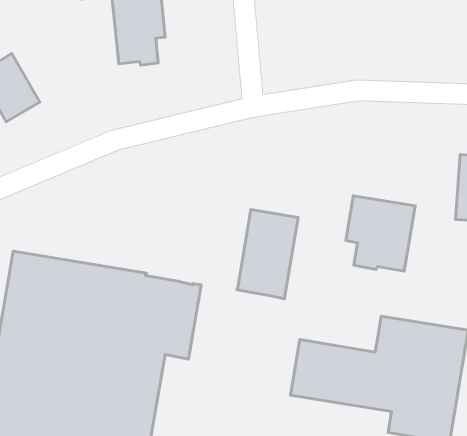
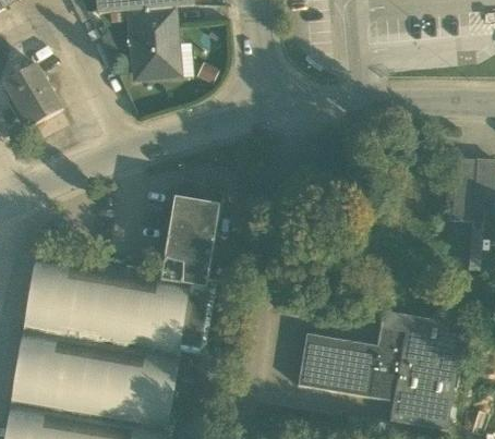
building: [346,196,415,271] -> none
building: [237,209,298,299] -> [161,197,219,281]

